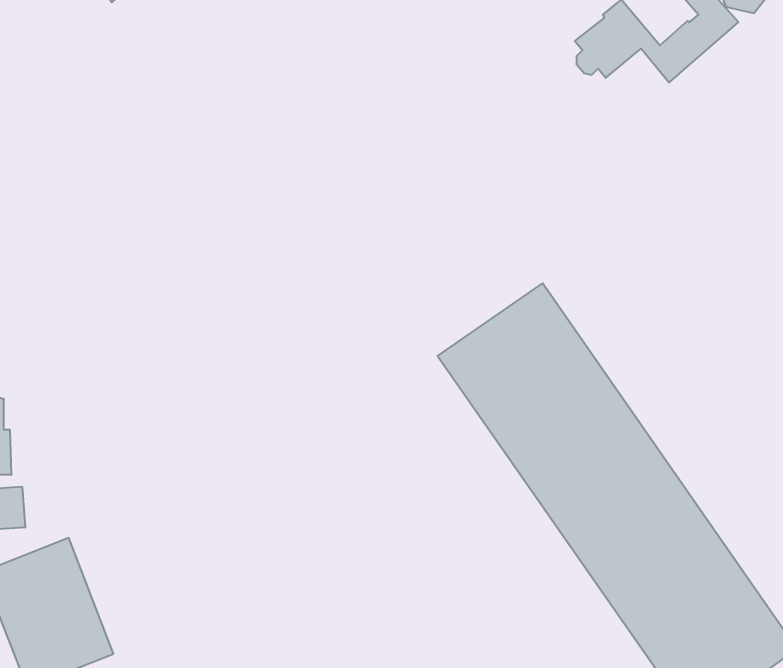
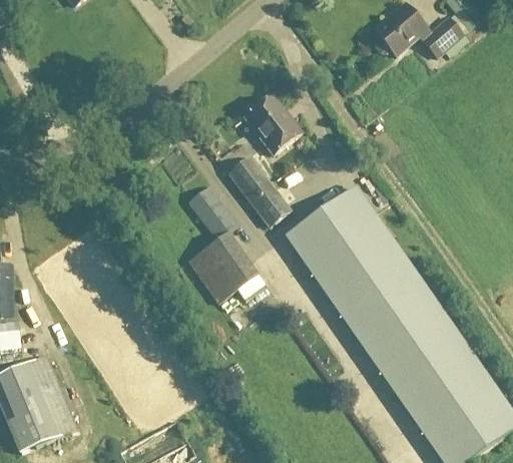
building: none -> [243,93,303,152]
building: none -> [227,154,290,224]
building: none -> [186,185,265,302]

